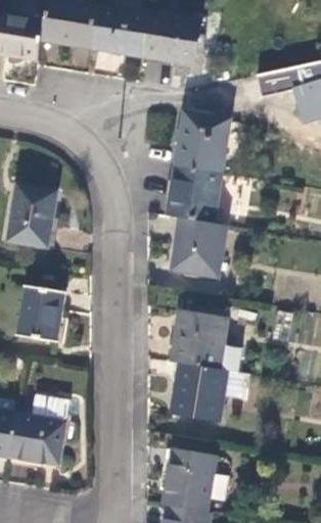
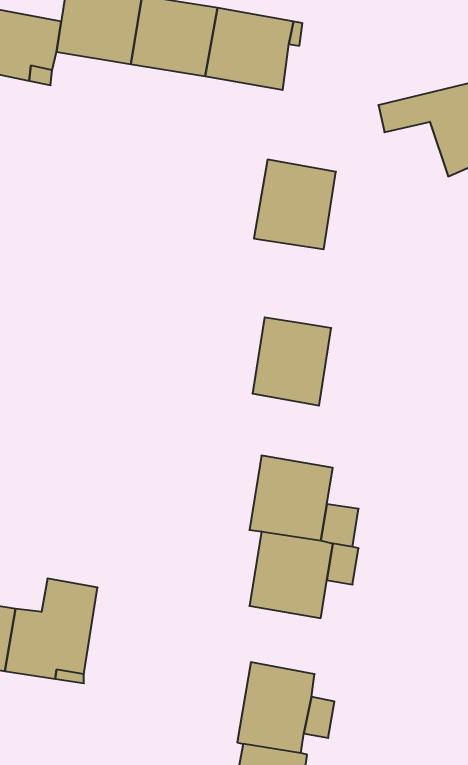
building: [166,165,221,224] -> none
building: [7,186,56,247] -> none
building: [15,286,64,342] -> none

